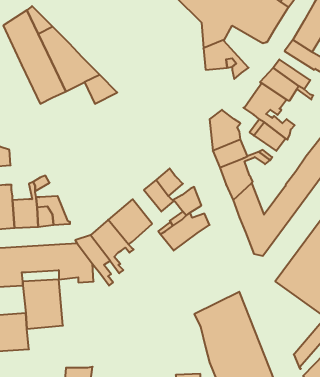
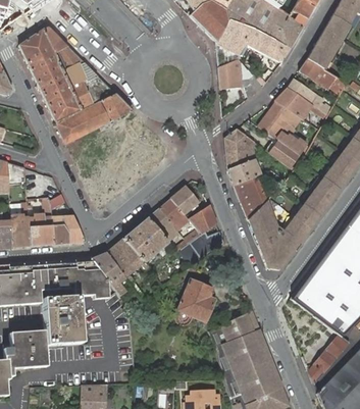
building: none -> [61,101,111,145]
building: none -> [149,208,181,242]
building: none -> [178,282,214,321]

